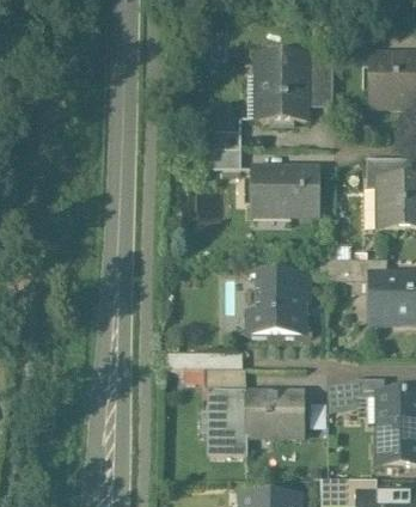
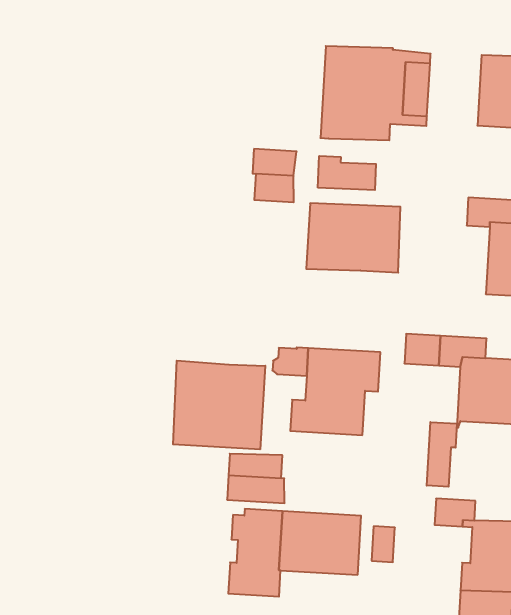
building: none -> [318,156,376,190]
building: none -> [173,361,265,449]
building: none -> [427,422,457,487]

